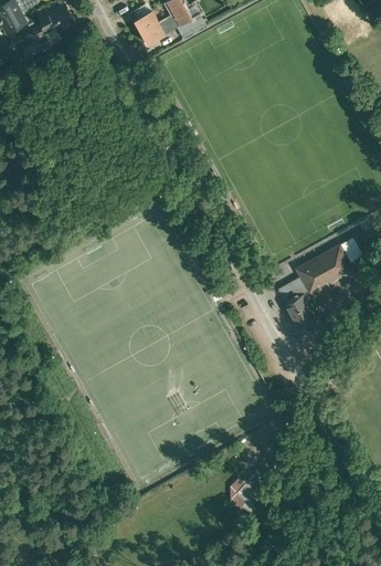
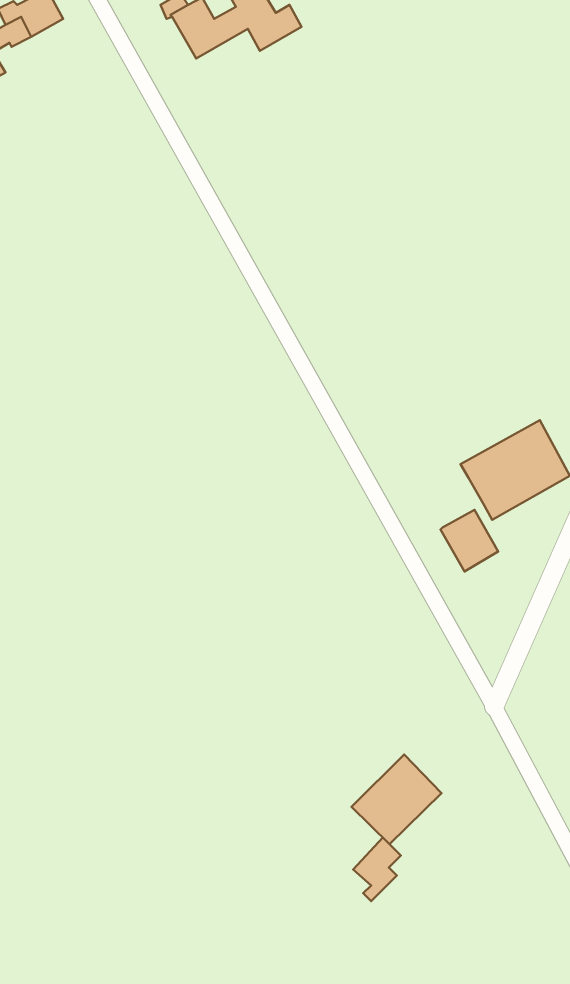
building: [276,276,307,304] -> none
building: none -> [352,754,442,844]

